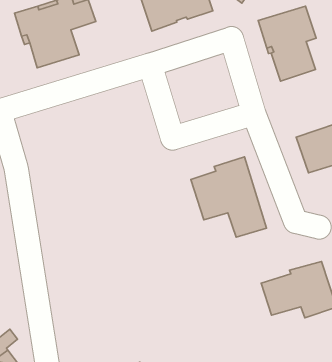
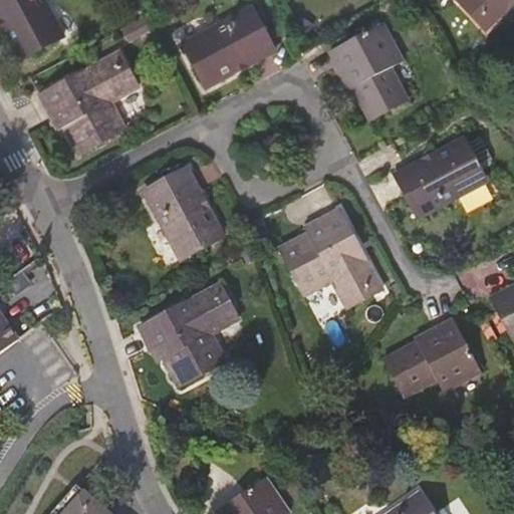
building: none -> [146,171,222,261]
building: none -> [146,285,241,388]

